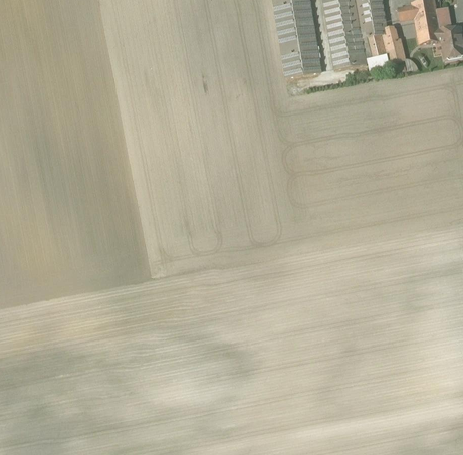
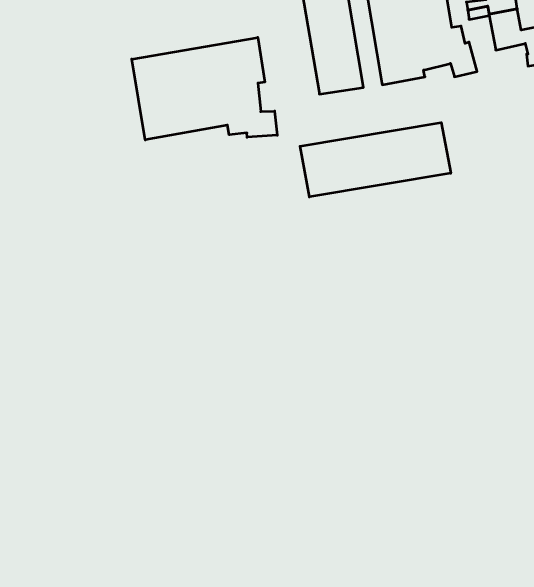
building: none -> [132,37,277,140]
building: none -> [300,123,451,197]

